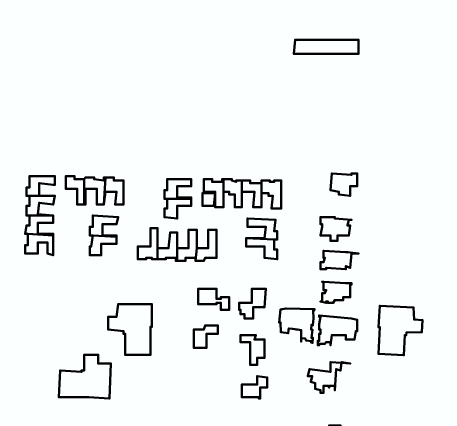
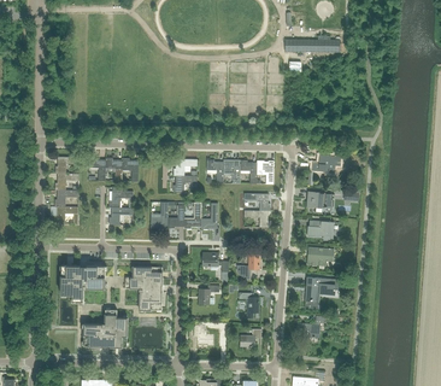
building: none -> [61,265,105,303]
building: [378,306,423,355] -> none
building: [279,309,314,343] -> none

